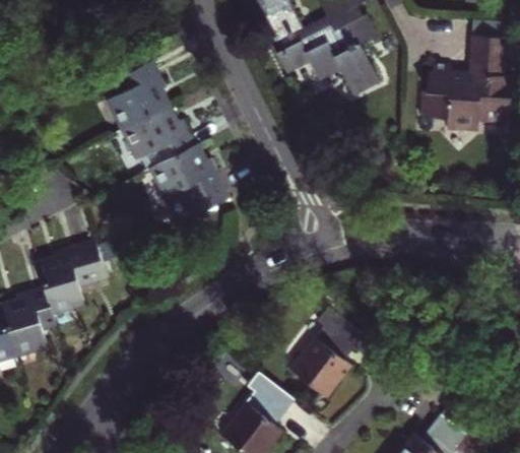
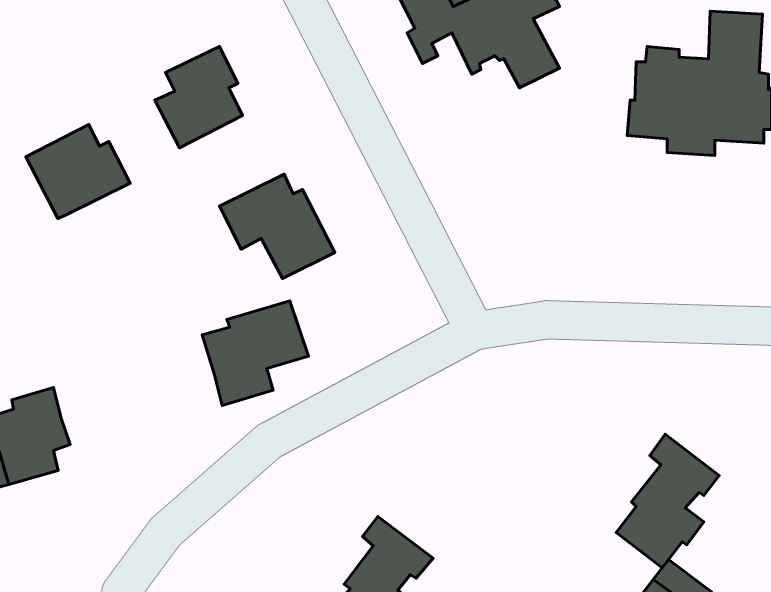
building: [126,109,195,171] -> [26,125,130,218]
building: [35,240,105,309] -> [202,301,308,405]
building: [295,308,363,396] -> [616,434,719,568]

